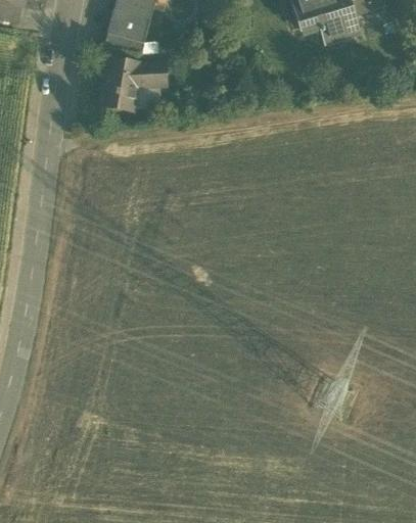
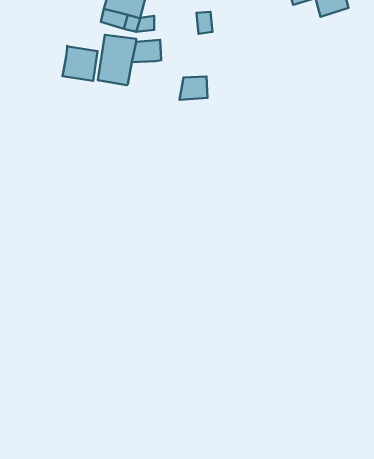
building: none -> [62,46,97,81]
building: [133,83,161,106] -> [179,77,208,100]

